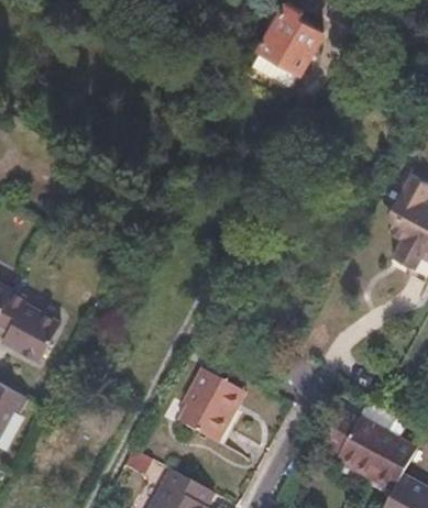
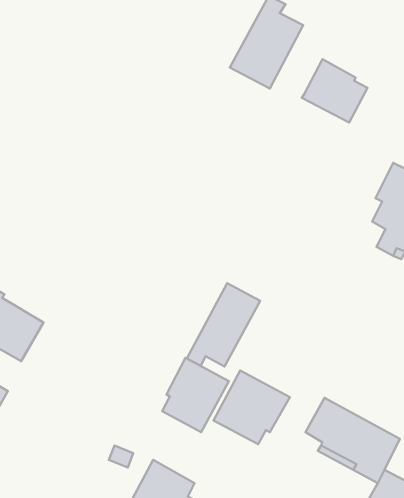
building: none -> [302,59,368,123]
building: none -> [187,283,260,366]
building: none -> [213,370,290,444]

